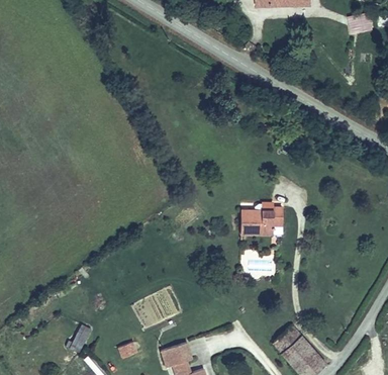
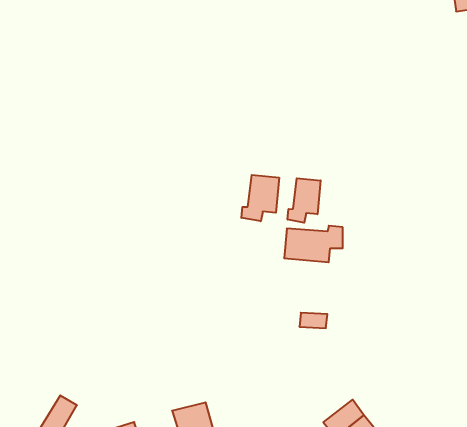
building: none -> [241,175,279,221]
building: none -> [288,178,321,223]

